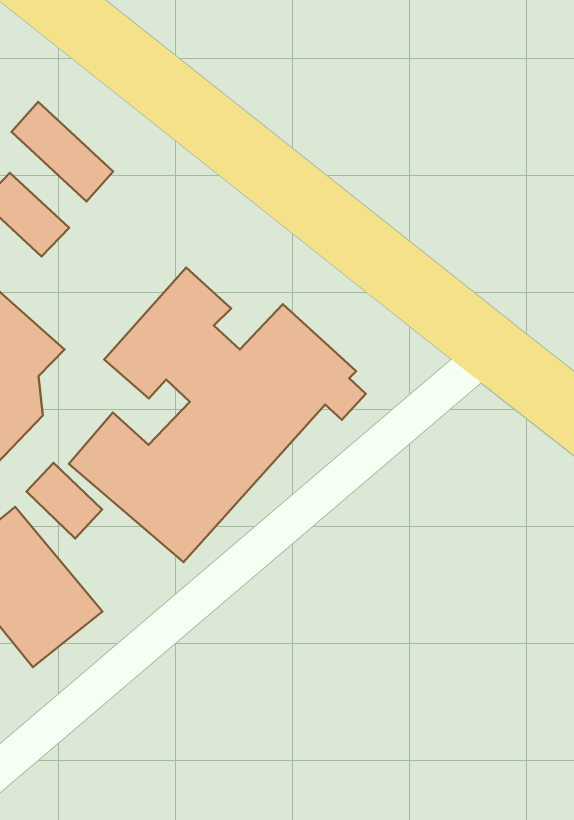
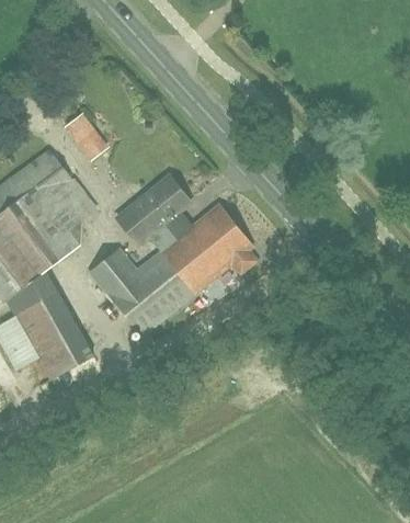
building: [11,102,113,202] -> none
building: [27,463,102,538] -> none

